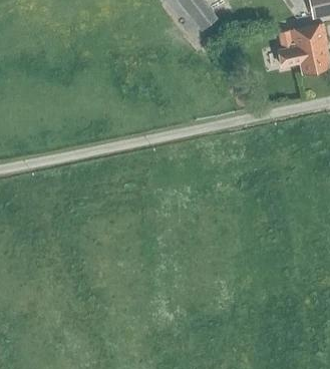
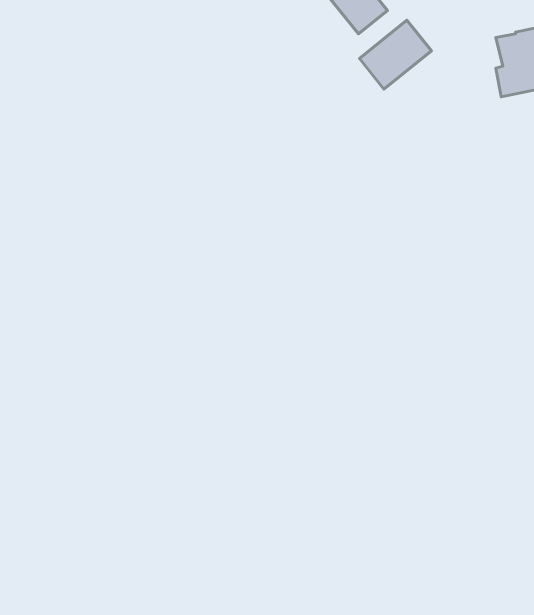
building: none -> [359,20,431,89]

